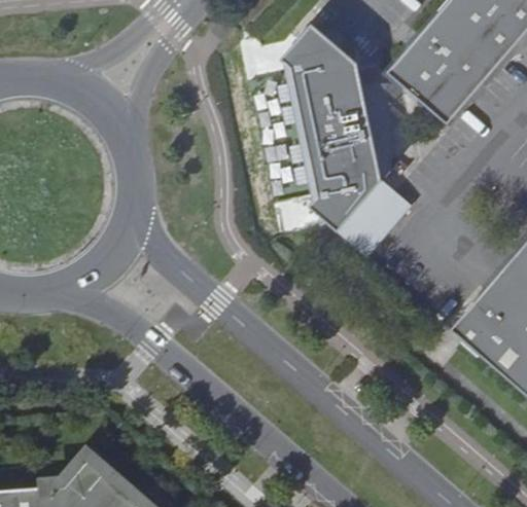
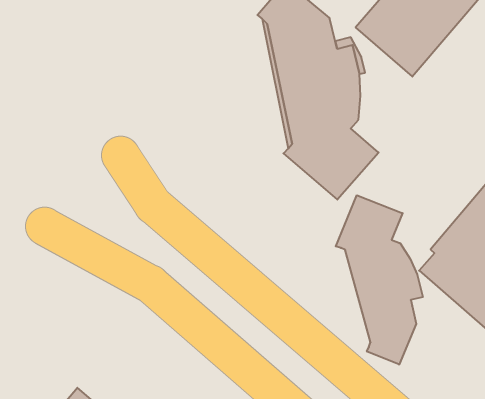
building: none -> [336,195,423,365]

